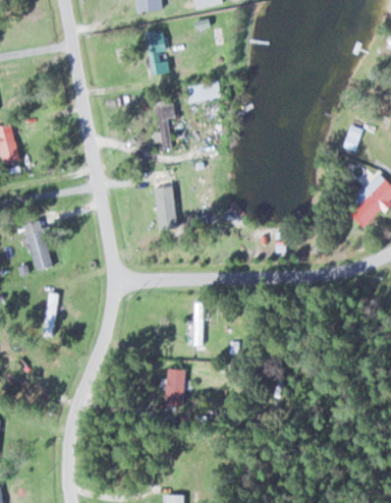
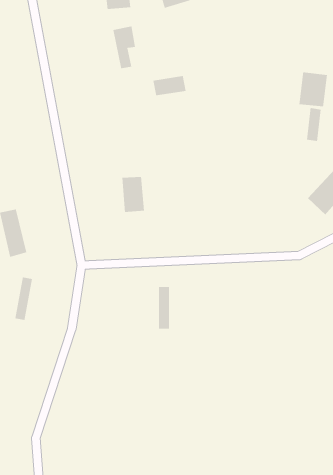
building: none -> [299,71,327,107]
building: [152,101,175,151] -> none
building: [163,370,184,405] -> none

